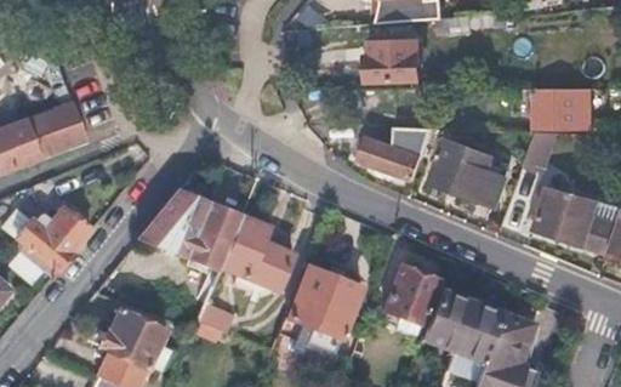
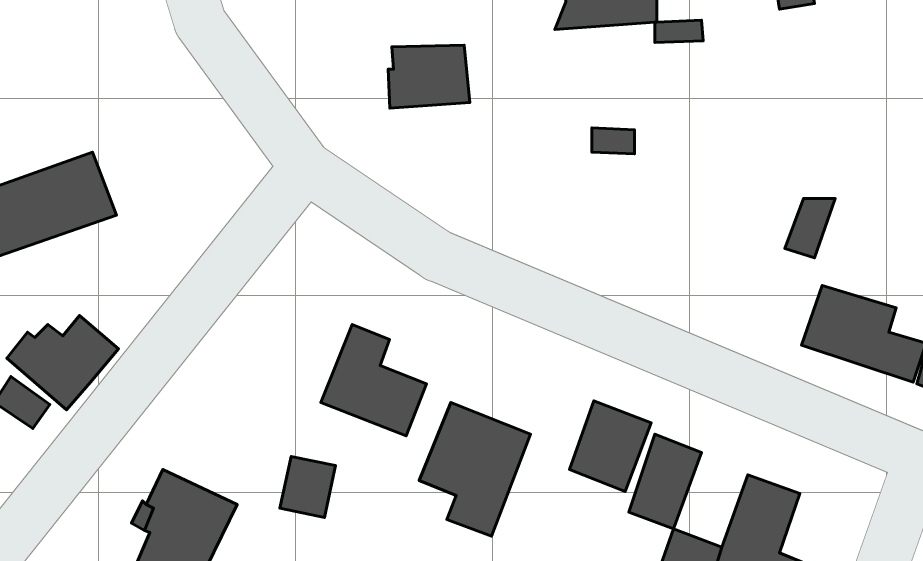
building: [369,40,422,81] -> [388,45,470,108]
building: [537,89,591,127] -> none
building: [360,126,435,181] -> none
building: [433,140,508,204] -> none
building: [138,189,240,271] -> none
building: [452,298,502,360] -> none

